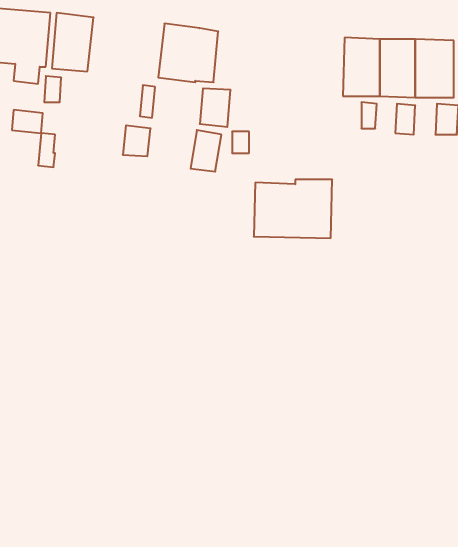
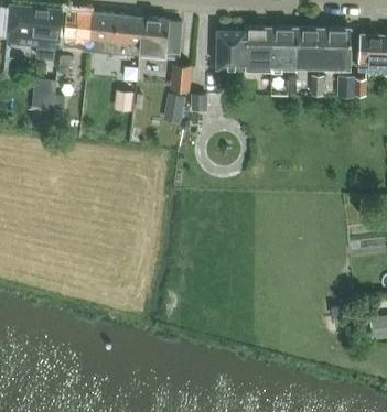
building: none -> [88,13,143,56]
building: [254,180,332,238] -> [216,28,272,69]

